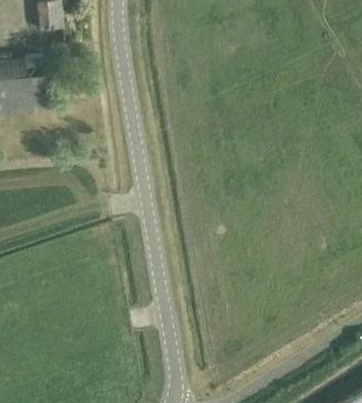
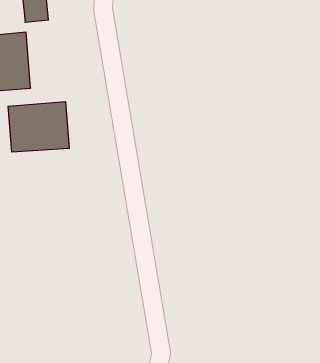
building: none -> [8,102,69,152]

